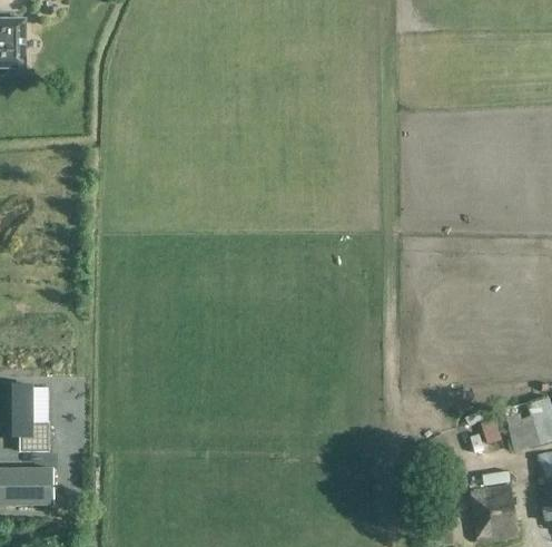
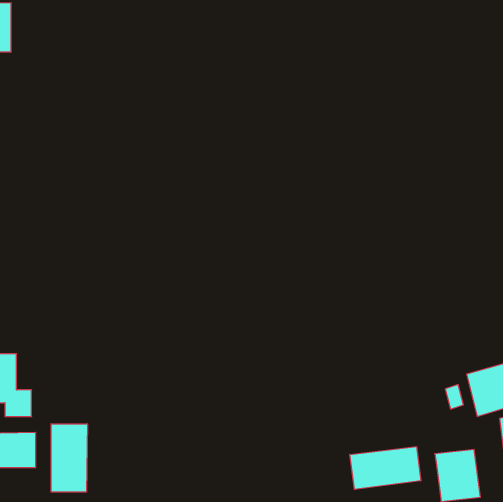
building: none -> [51,424,87,492]
building: none -> [350,447,421,490]

